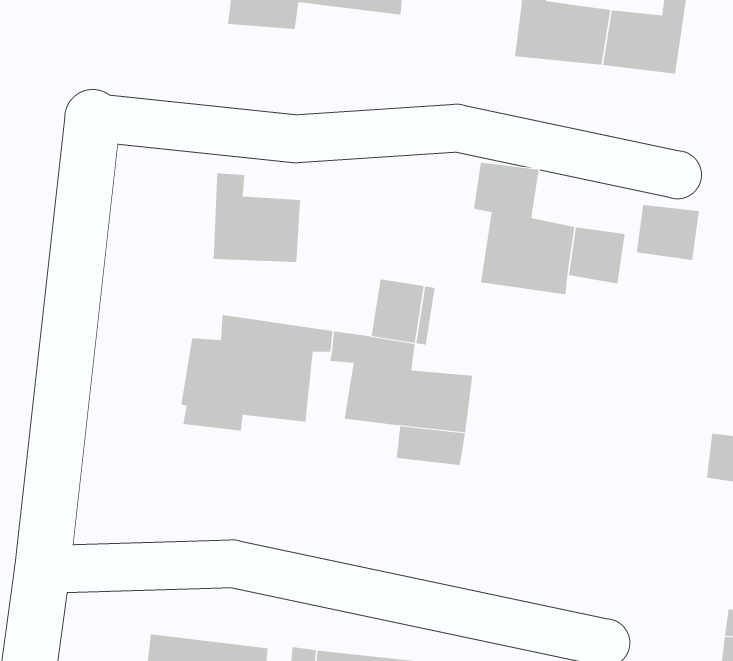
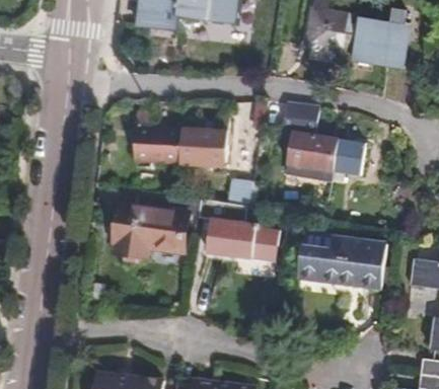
building: none -> [179,118,225,166]
building: [636,204,700,261] -> none
building: none -> [297,236,385,286]

